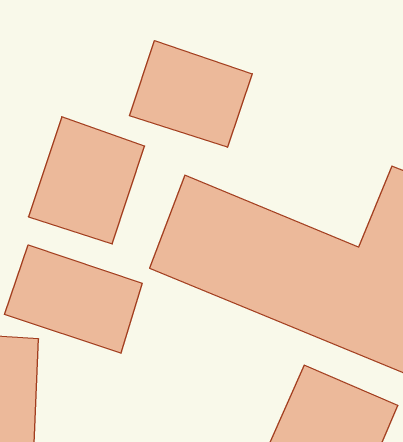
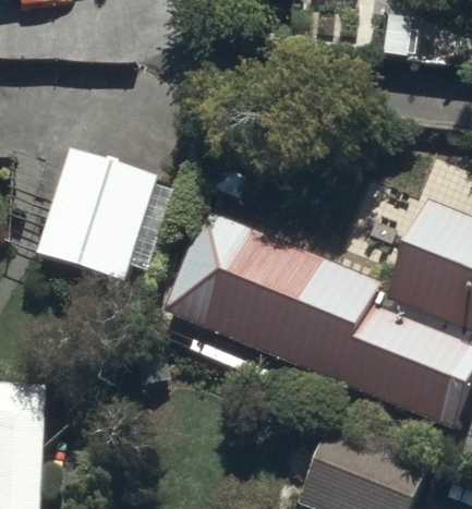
building: [130,41,252,147] -> none
building: [4,245,142,353] -> none

